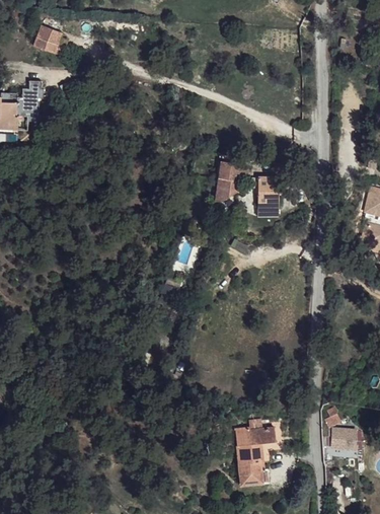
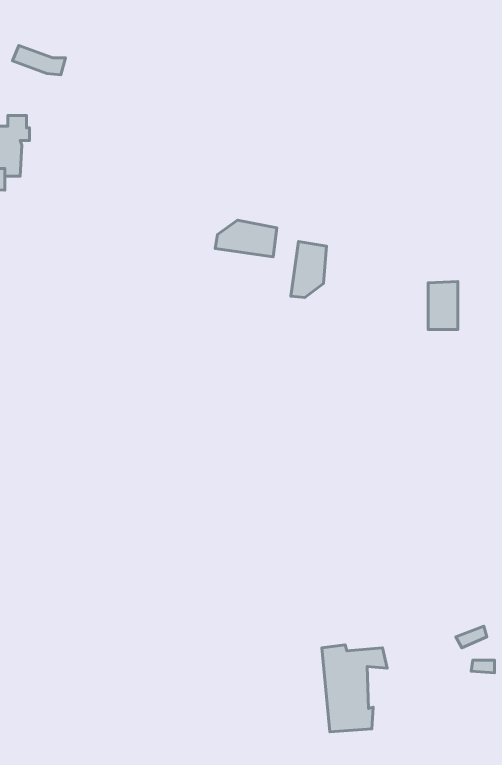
building: none -> [215,220,277,257]
building: [259,176,279,208] -> [428,281,458,330]

